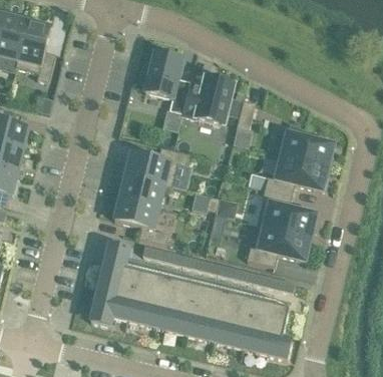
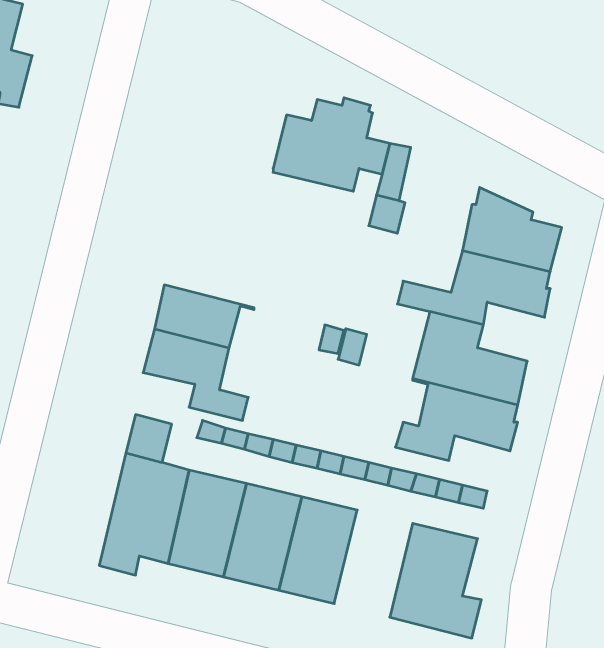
building: [144,52,187,112] -> none
building: [124,146,187,185] -> none
building: [214,292,255,348] -> none

